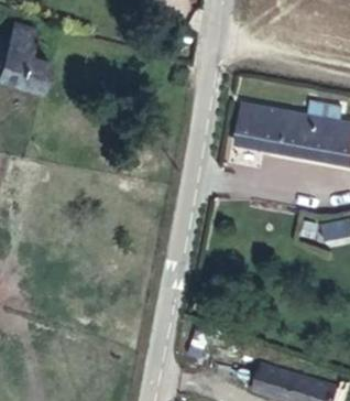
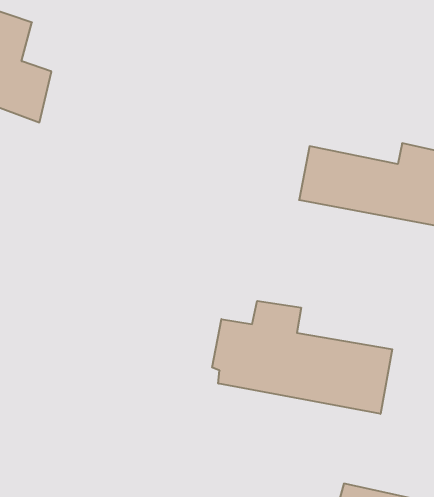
building: none -> [212,301,392,414]

